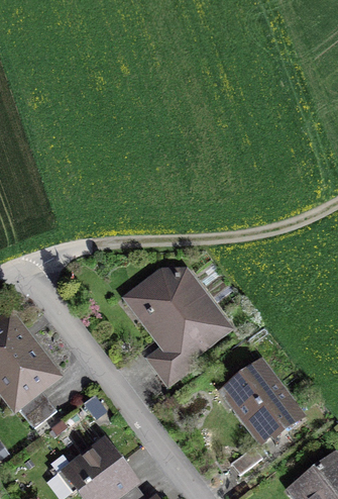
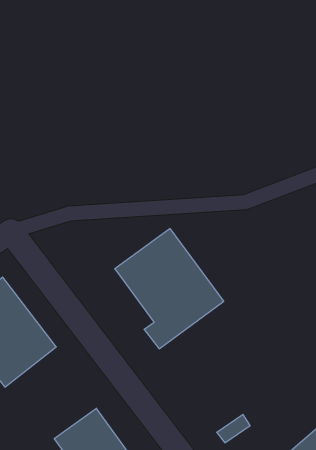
building: [217,357,306,448] -> none

